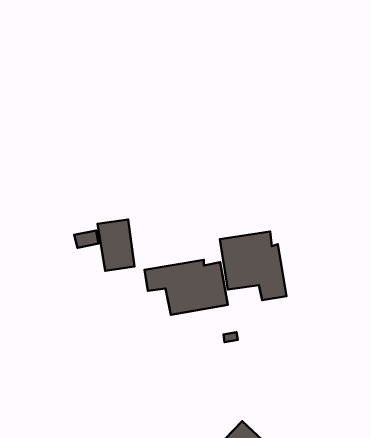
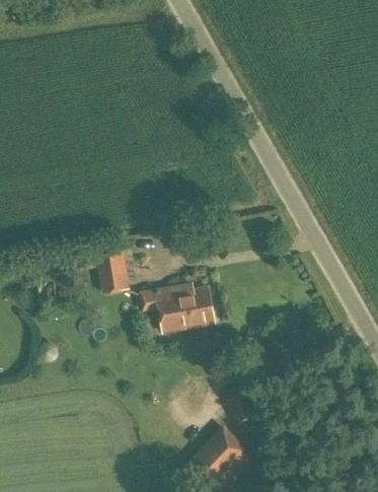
building: [220,231,287,300] -> none

